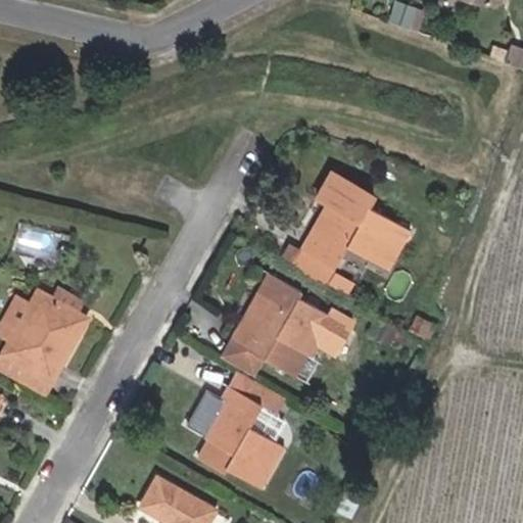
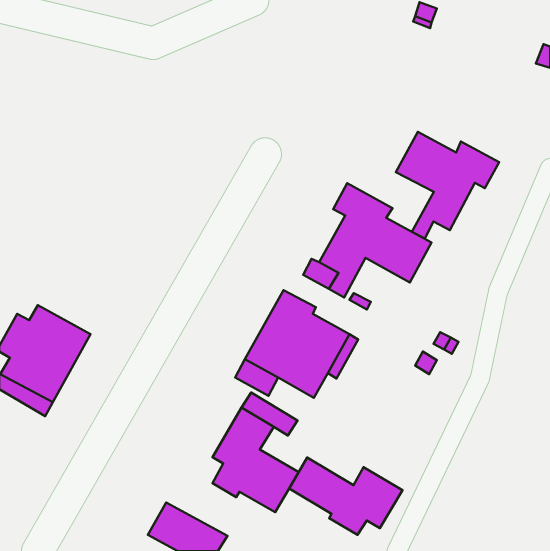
building: none -> [396,132,499,239]
building: none -> [289,458,403,535]

